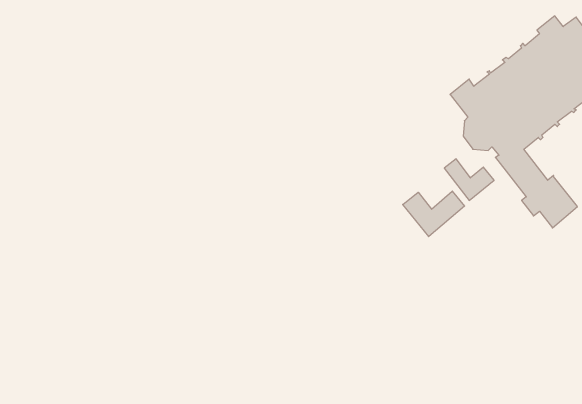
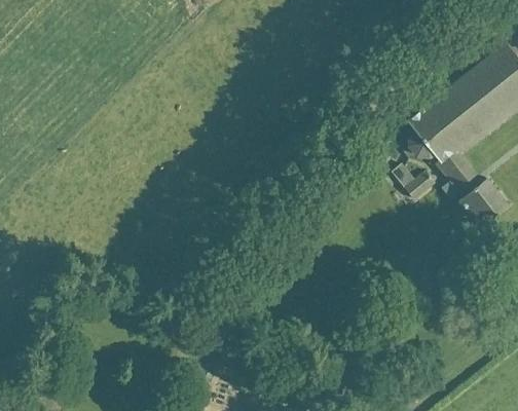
building: [403,191,465,237] -> none

